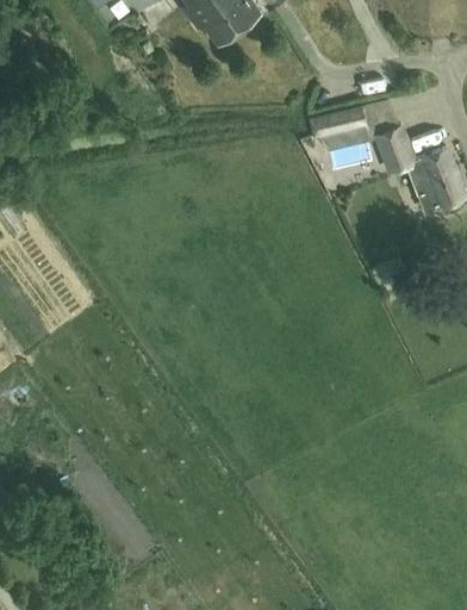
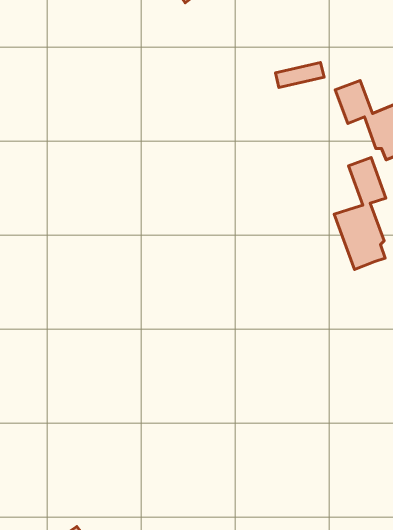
building: none -> [334,158,386,269]

